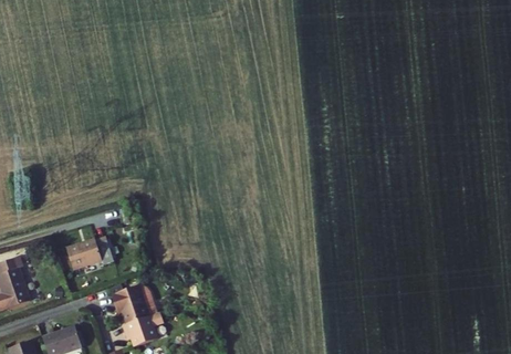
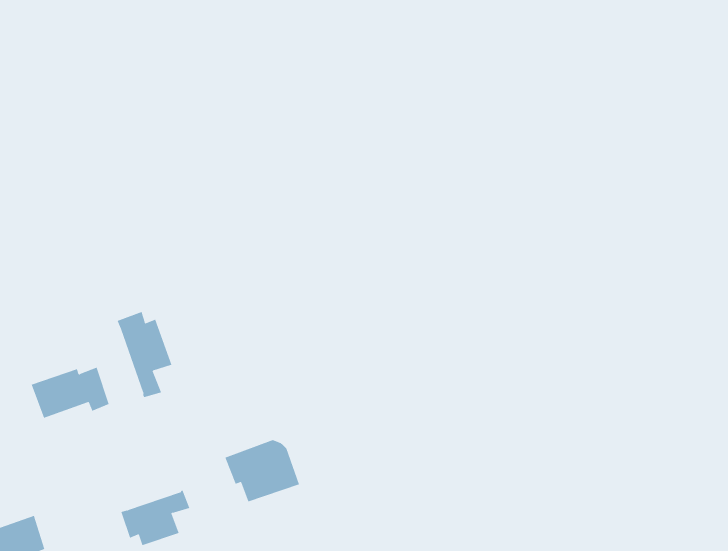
building: none -> [117,311,172,398]
building: [113,284,159,323] -> [225,440,300,502]

